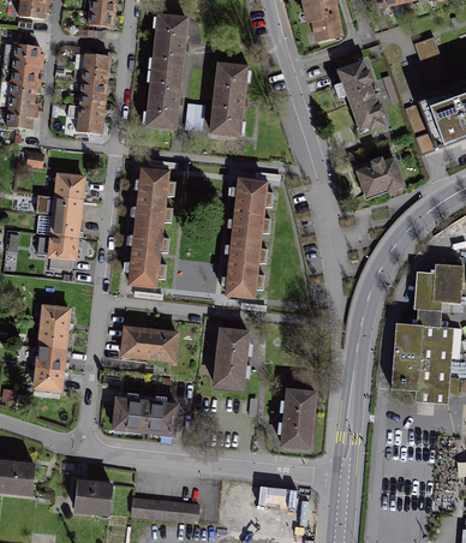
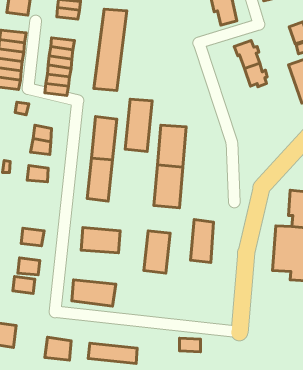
building: [205,65,244,139] -> [125,99,152,152]
building: [358,151,406,195] -> none
building: [47,219,77,241] -> none
building: [38,305,71,330] -> none
building: [34,348,65,372] -> [13,277,35,294]
building: [277,389,310,450] -> [191,220,213,263]

